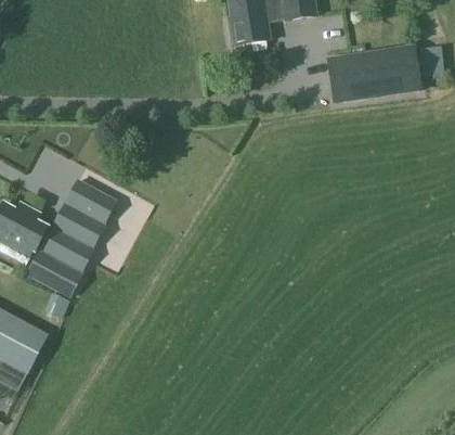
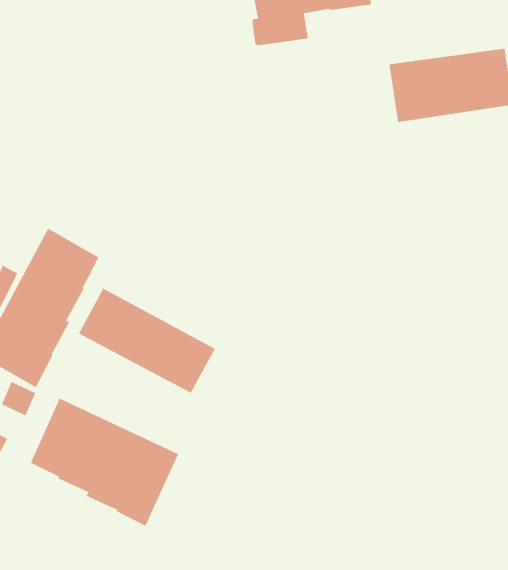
building: none -> [78,287,216,394]
building: none -> [30,397,179,527]

